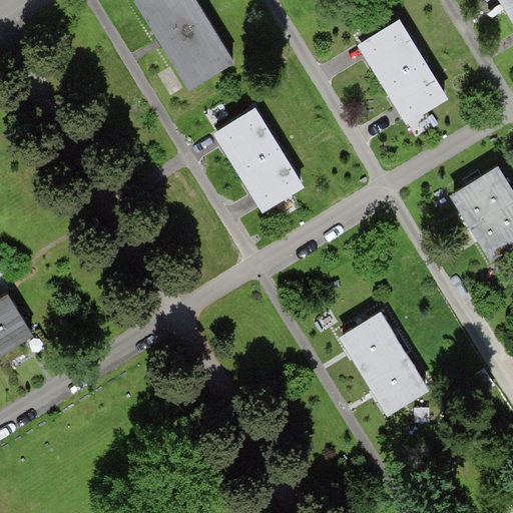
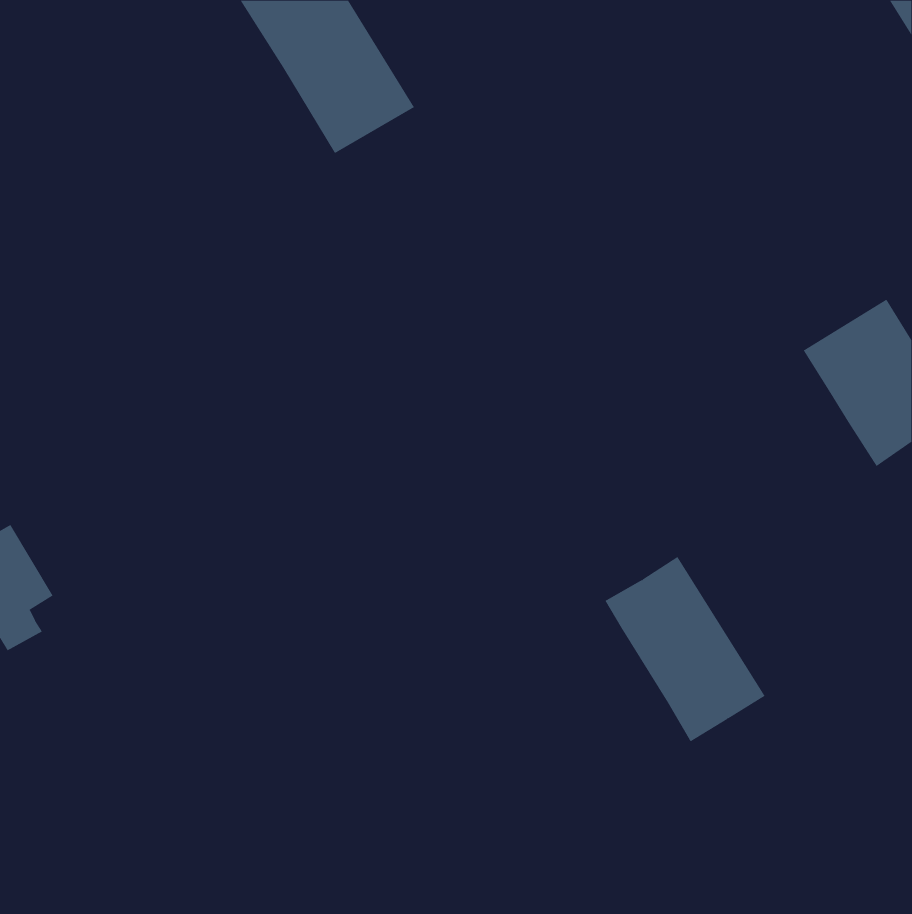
building: [360,20,447,122] -> none
building: [215,108,303,211] -> none

